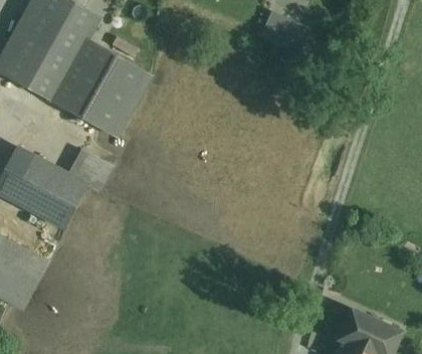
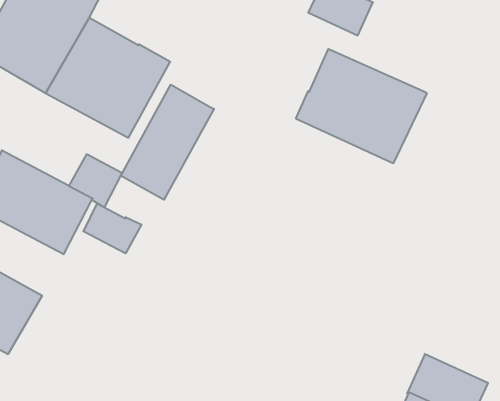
building: none -> [296,49,427,163]
building: none -> [121,85,214,200]
building: none -> [83,204,141,253]

